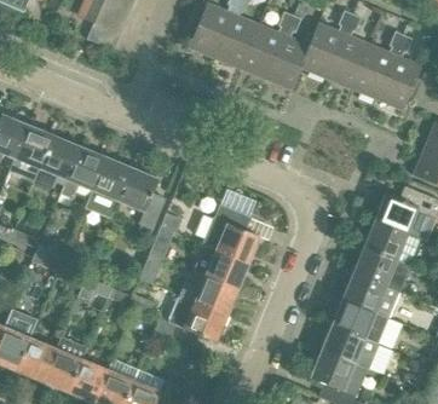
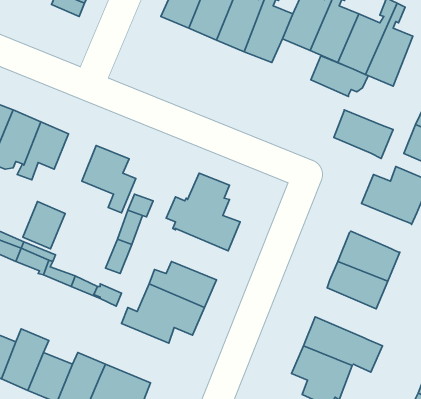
building: none -> [311,56,368,97]
building: [92,156,131,200] -> [23,201,65,249]
building: [364,220,419,265] -> [334,110,393,158]
building: [192,243,252,290] -> none
building: [332,298,387,344] -> none

